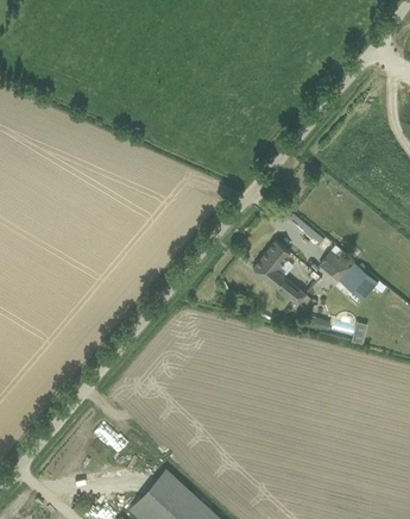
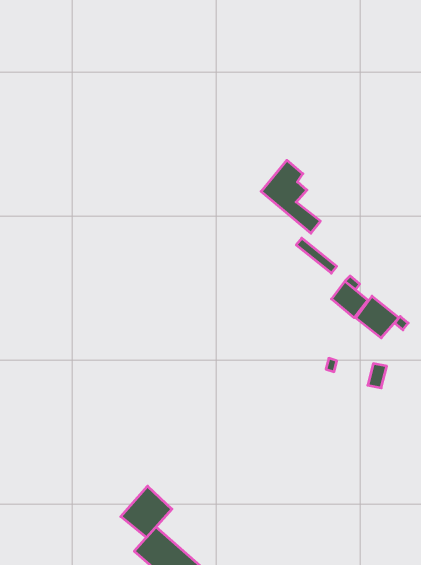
building: [253,242,305,306] -> [261,160,320,233]
building: none -> [121,486,172,538]

